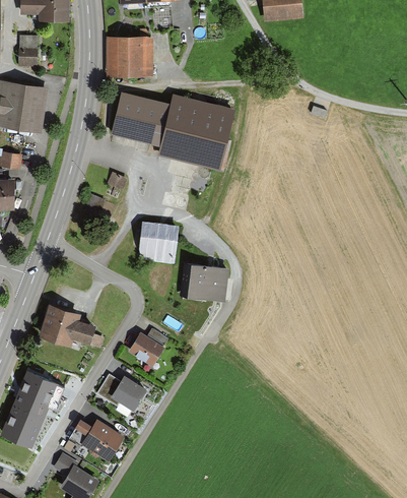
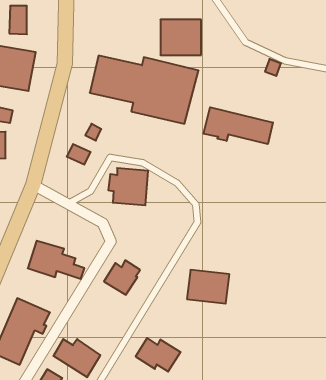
building: [105,37,151,77] -> [160,20,201,55]
building: none -> [204,107,273,144]
building: [180,263,228,302] -> [187,270,229,304]
building: [95,373,147,412] -> [136,338,181,372]

